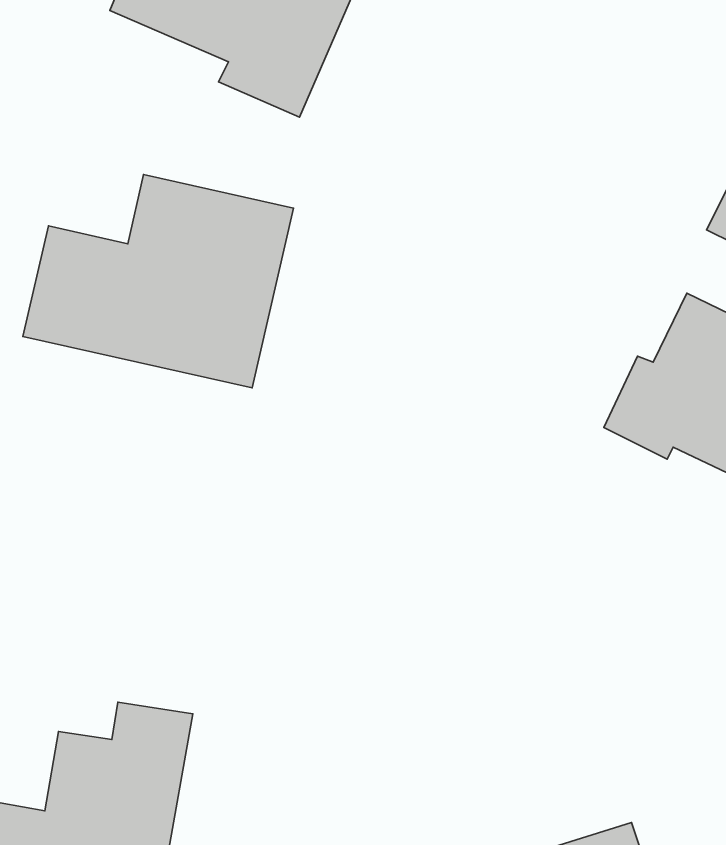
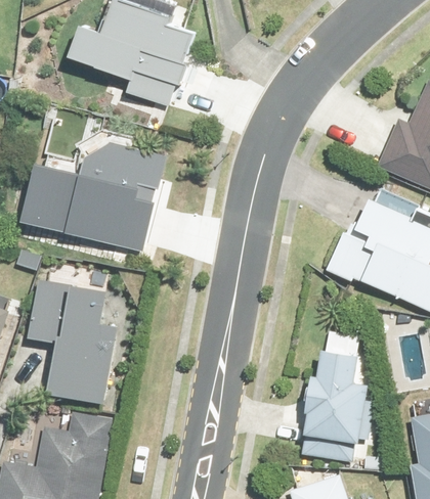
building: none -> [25,278,119,405]
building: none -> [305,331,373,443]

